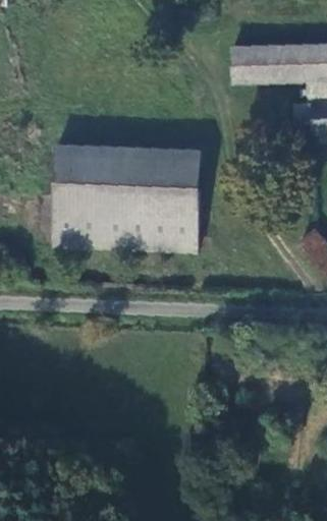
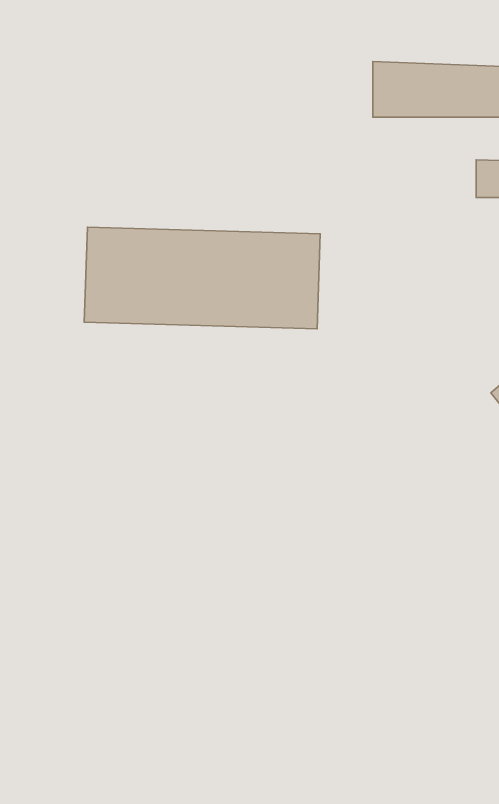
building: [52,205,198,250] -> none

